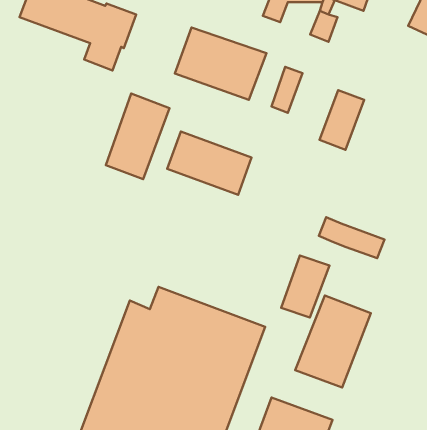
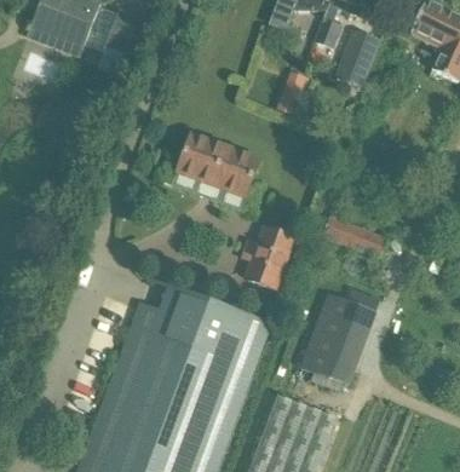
building: [175,27,266,100] -> none
building: [319,90,364,150] -> [337,28,380,86]
building: [106,93,169,179] -> none
building: [281,255,330,318] -> [247,226,294,287]

